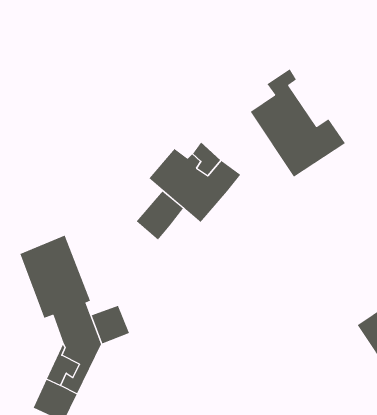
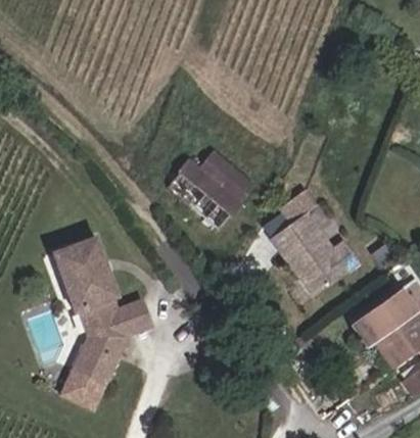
building: [250,68,346,178] -> [277,187,365,287]
building: [136,190,184,240] -> none

